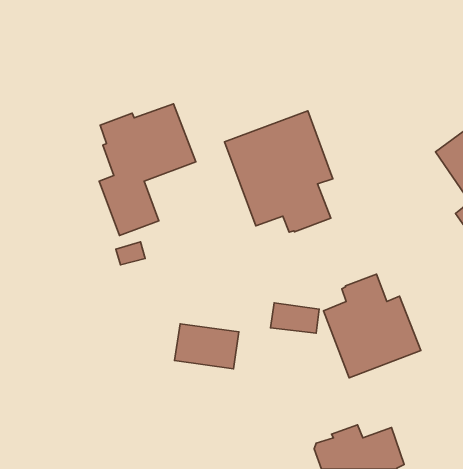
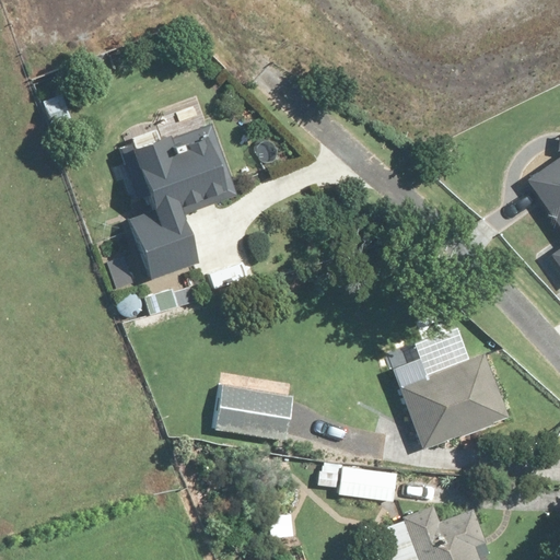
building: [225,111,333,232] -> none
building: [270,303,319,333] -> [339,465,397,501]

